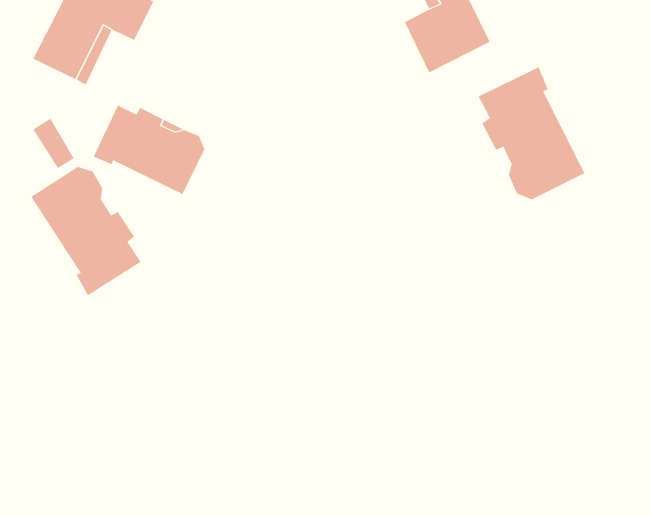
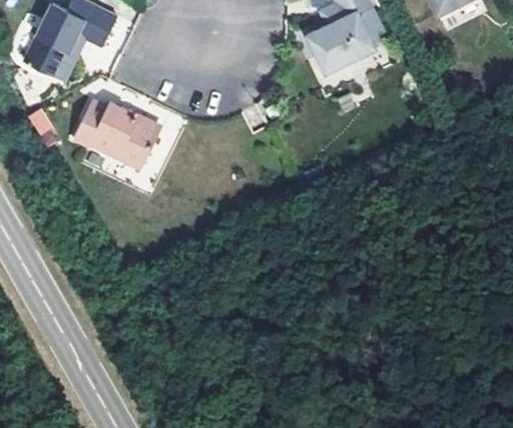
building: [478,67,585,200] -> none
building: [30,166,142,296] -> none

